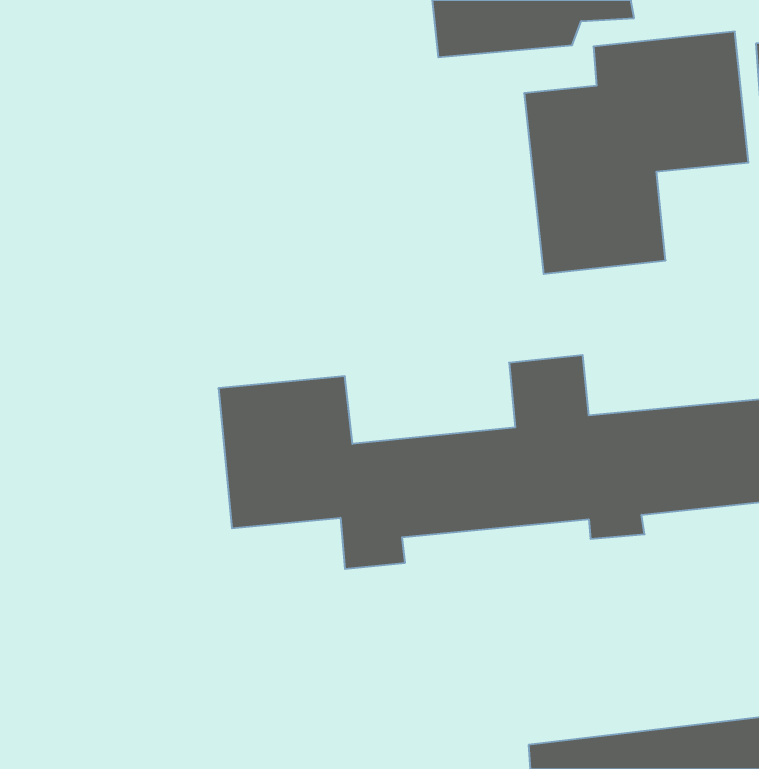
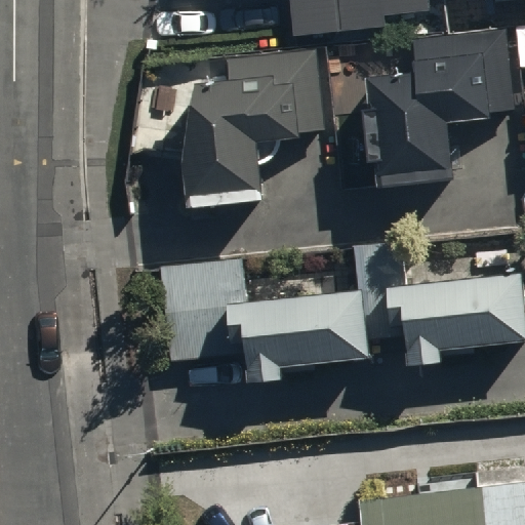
building: none -> [171,47,323,212]

